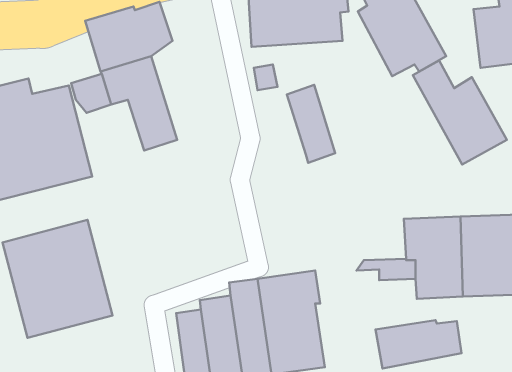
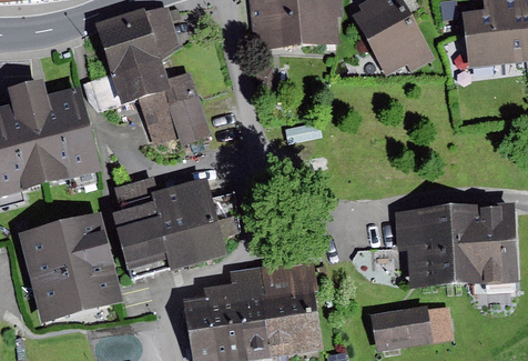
building: [413,60,507,164] -> none
building: [287,85,335,163] -> [165,70,211,143]
building: none -> [111,176,240,280]

